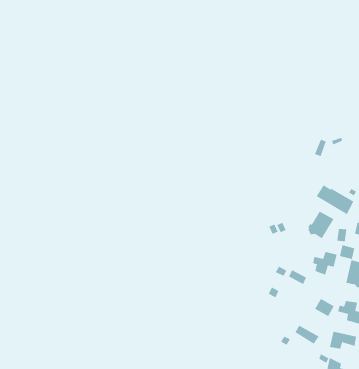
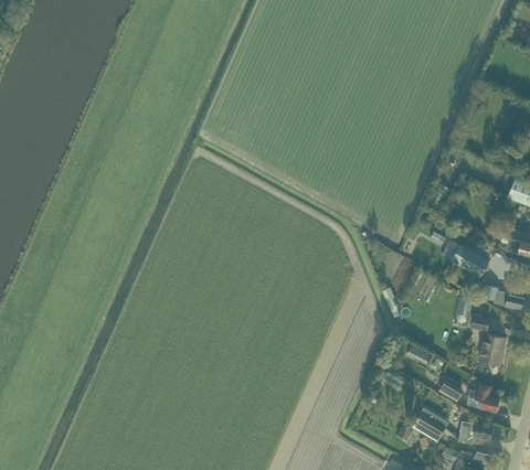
building: [307,211,334,239] -> none
building: [312,251,337,275] -> none

